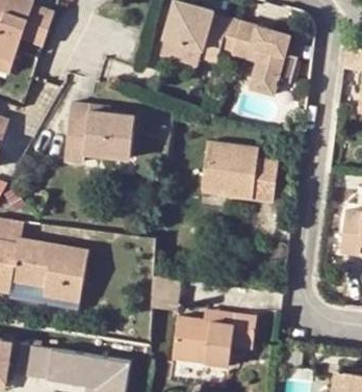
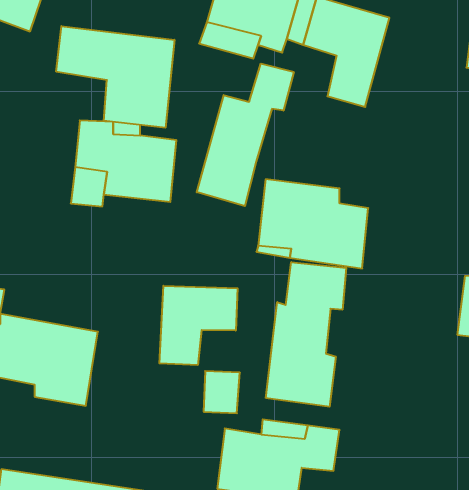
building: none -> [56,26,174,128]
building: none -> [197,64,294,206]
building: none -> [266,262,346,407]
building: none -> [159,286,238,365]

